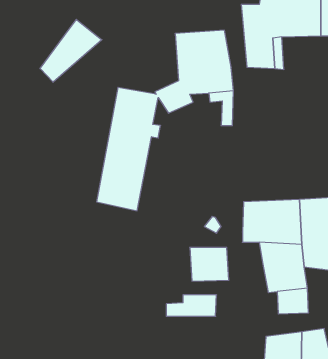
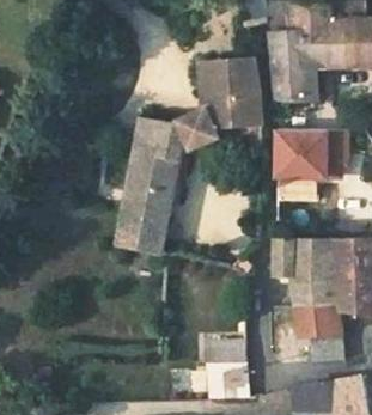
building: [40,19,102,82] -> none
building: none -> [272,129,348,181]
building: [190,247,229,281] -> [203,364,245,399]

